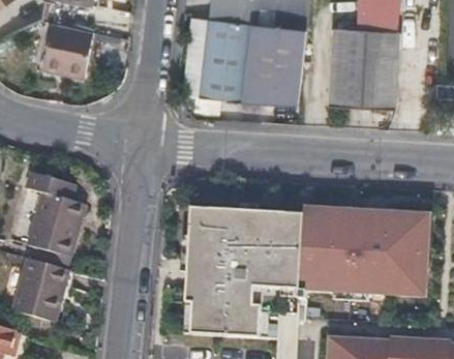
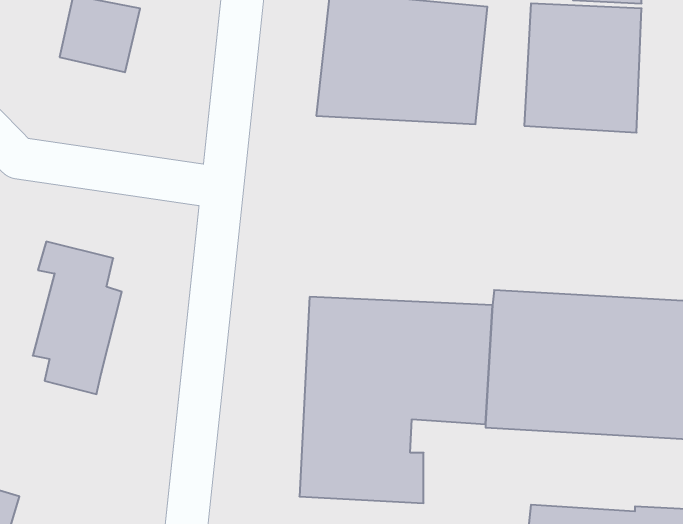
building: [10,260,65,322] -> none

